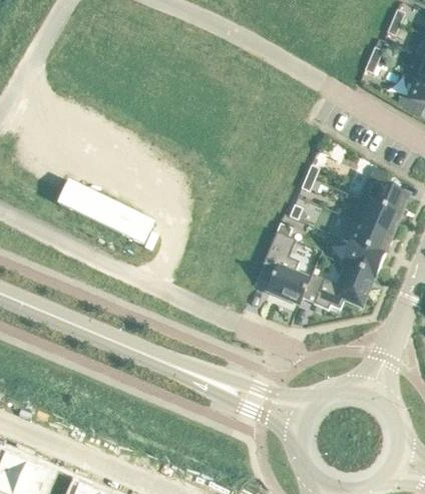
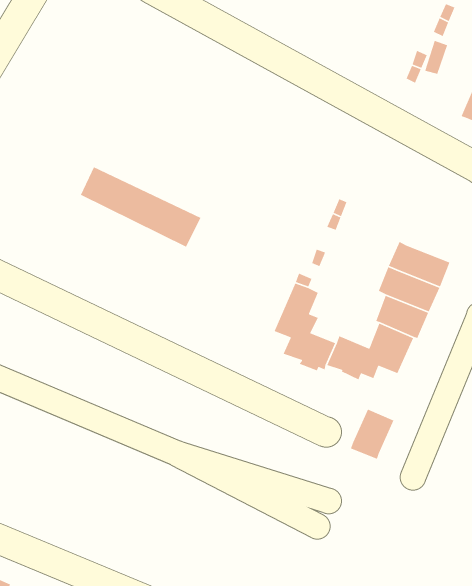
building: [360,176,410,214] -> none
building: [58,178,155,243] -> [80,166,202,248]
building: none -> [350,408,395,460]

